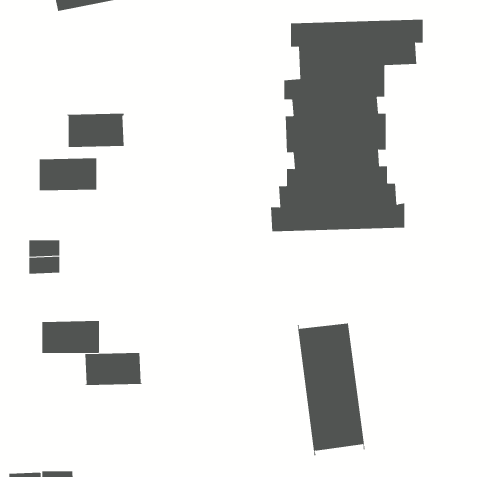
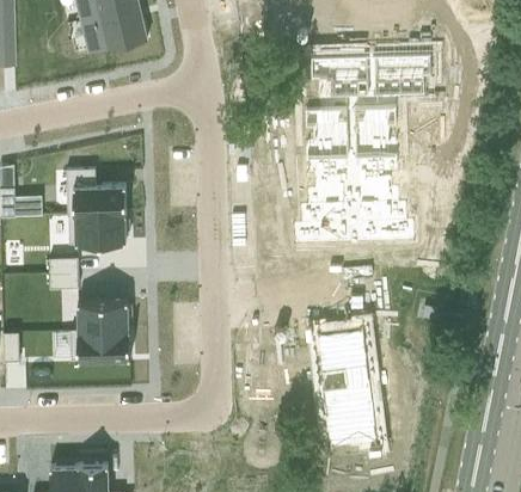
building: [66,113,125,148] -> [73,211,125,242]
building: [85,352,143,385] -> [75,301,128,331]

